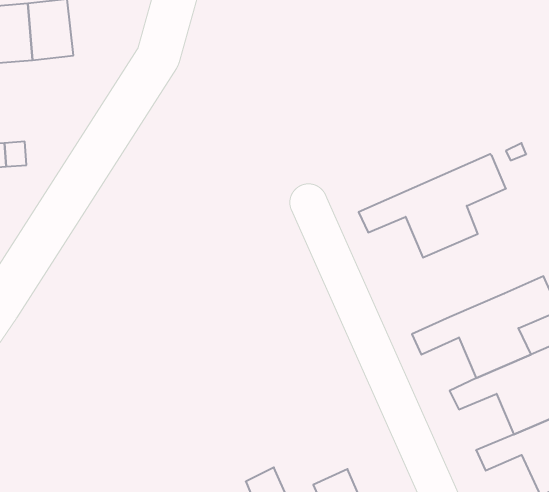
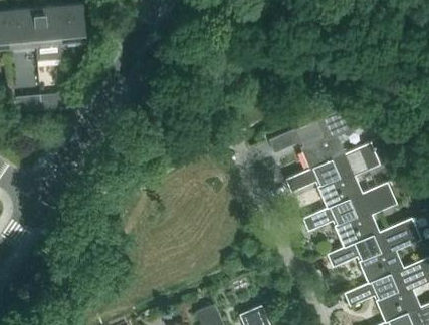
building: none -> [285,142,380,207]

